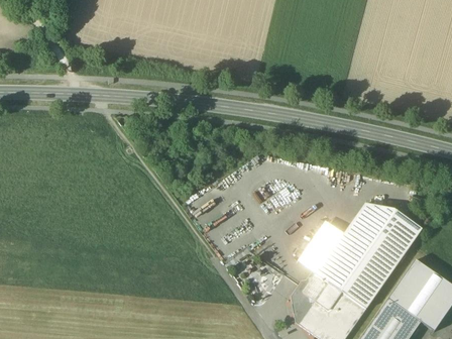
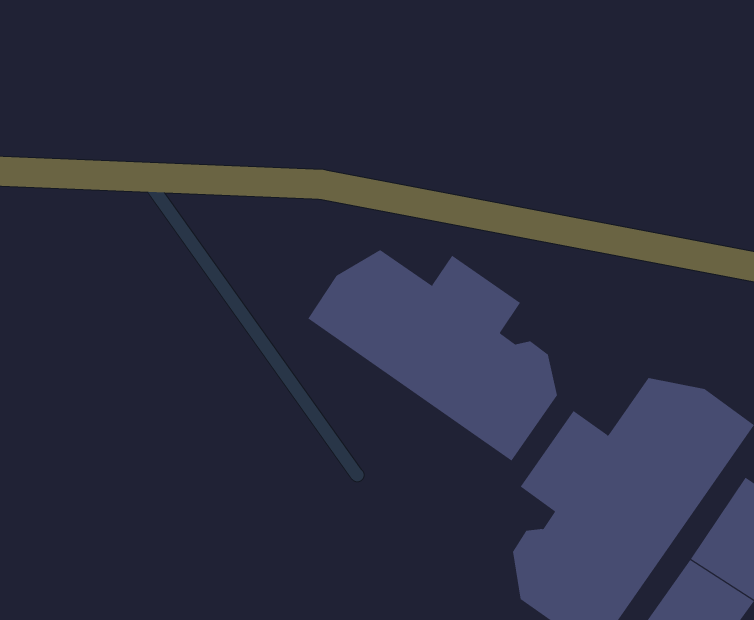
building: none -> [307,249,557,461]

